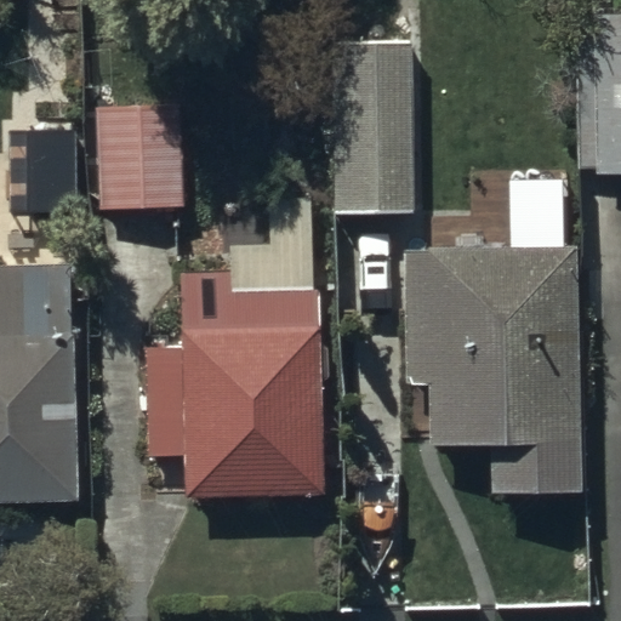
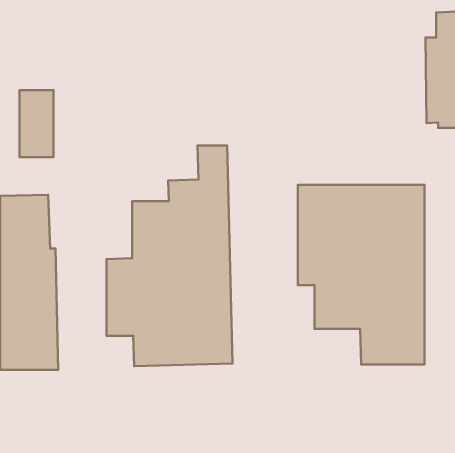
building: [332,42,411,213] -> none
building: [99,97,181,209] -> none

